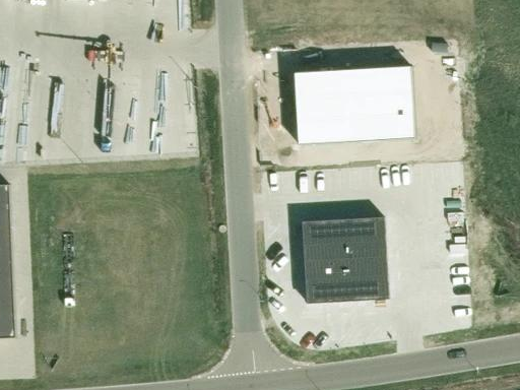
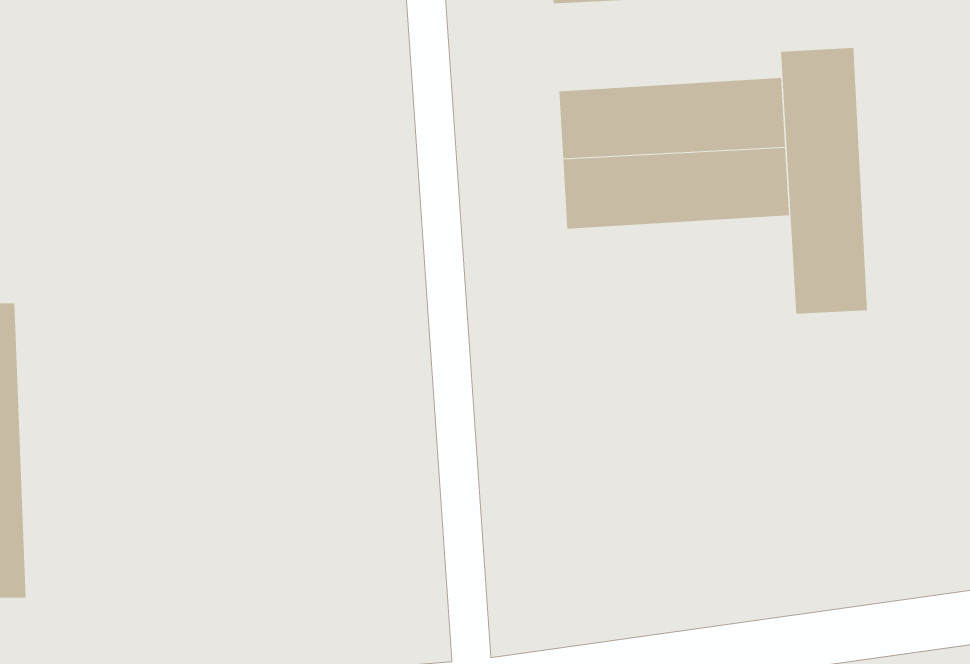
building: none -> [780,47,867,315]
building: [302,215,388,302] -> none

